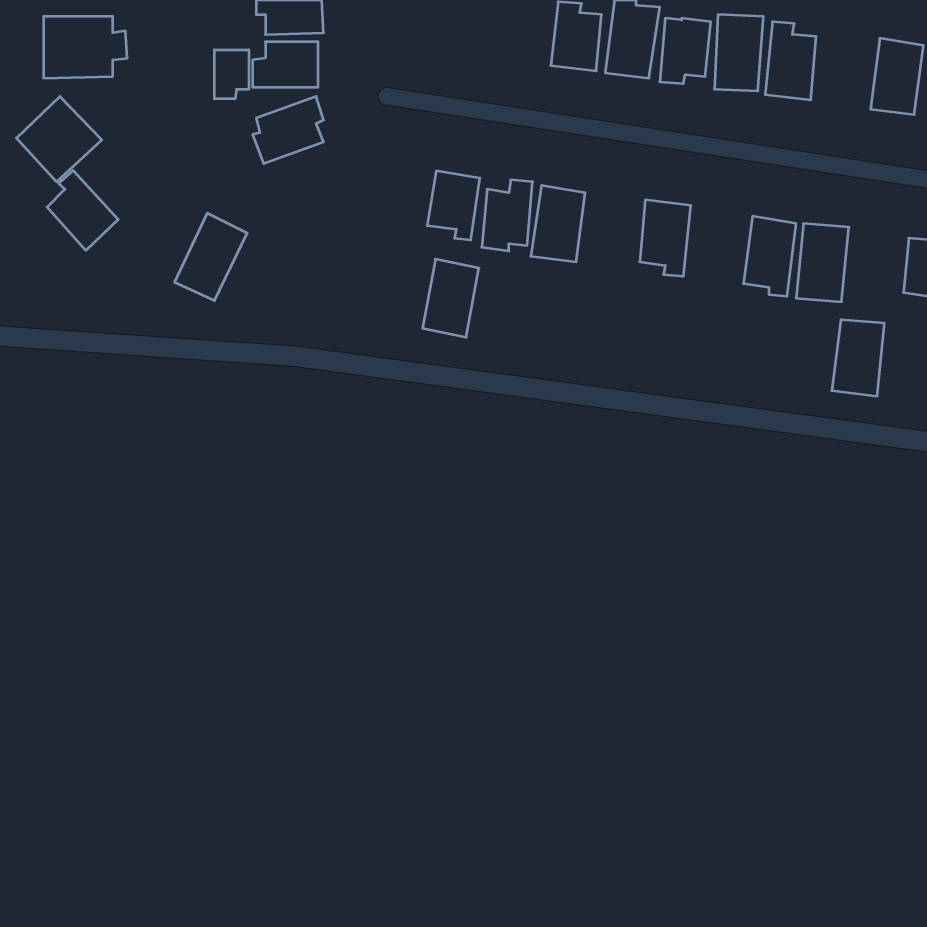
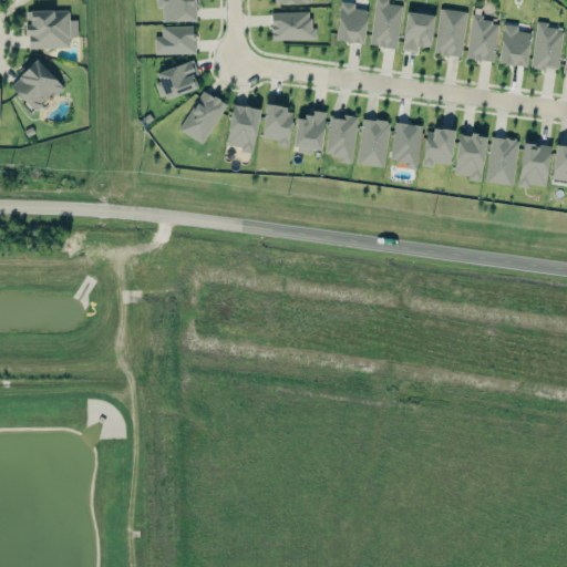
building: none -> [271,12,313,41]
building: none -> [498,24,532,68]
building: [214,50,249,99] -> none
building: [47,170,118,250] -> none
building: none -> [357,118,390,167]
building: none -> [422,128,455,168]
building: [175,213,247,301] -> [182,91,226,144]
building: [423,259,479,337] -> [226,104,260,152]
building: [832,320,884,396] -> [518,142,550,188]

